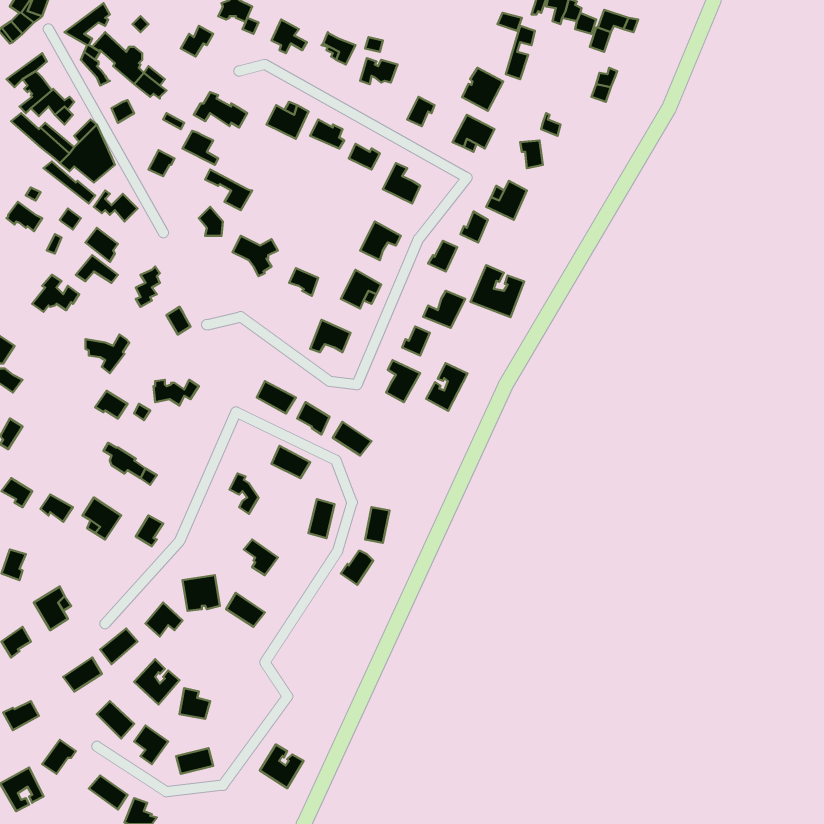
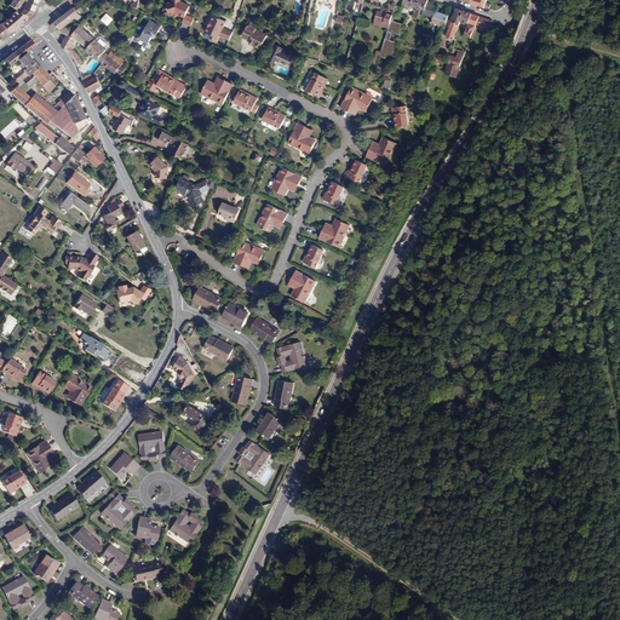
building: [462,68,503,111] -> none
building: [471,265,524,317] -> none
building: [426,363,468,411] -> none
building: none -> [276,340,305,371]
building: none -> [235,440,269,472]
building: [260,745,303,788] -> [168,510,201,542]

